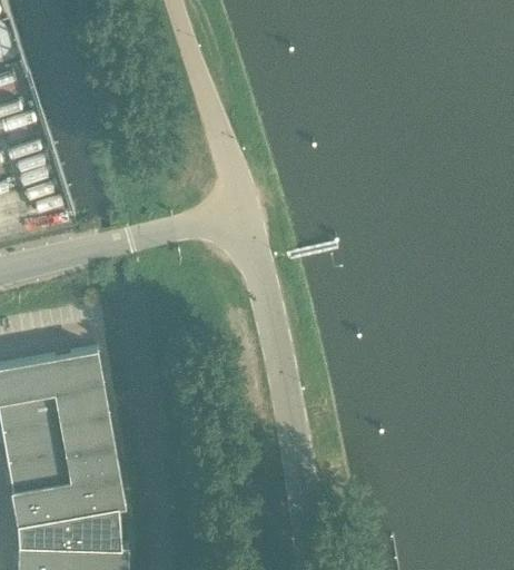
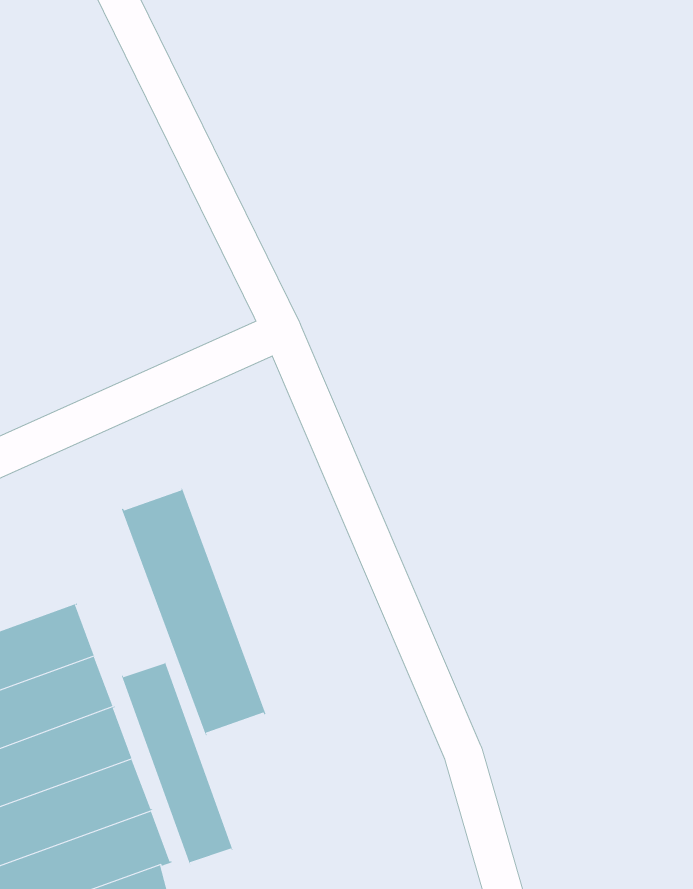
building: none -> [121,486,266,737]
building: none -> [121,660,233,866]

